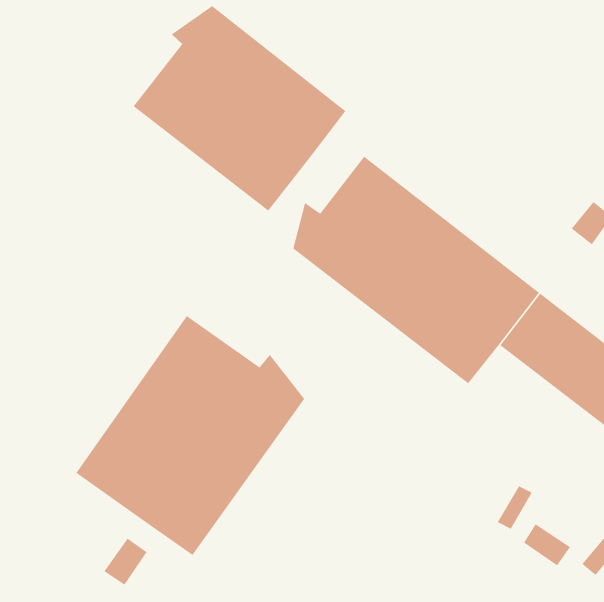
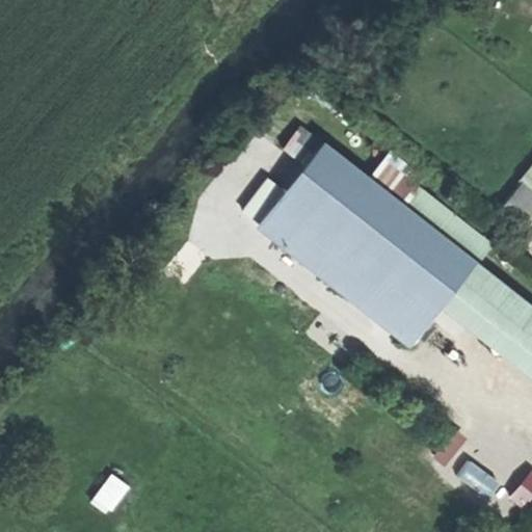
building: [133,5,346,212] -> none
building: [75,315,305,556] -> none

